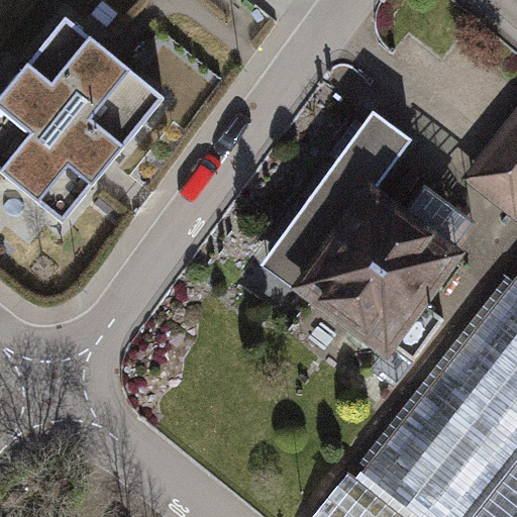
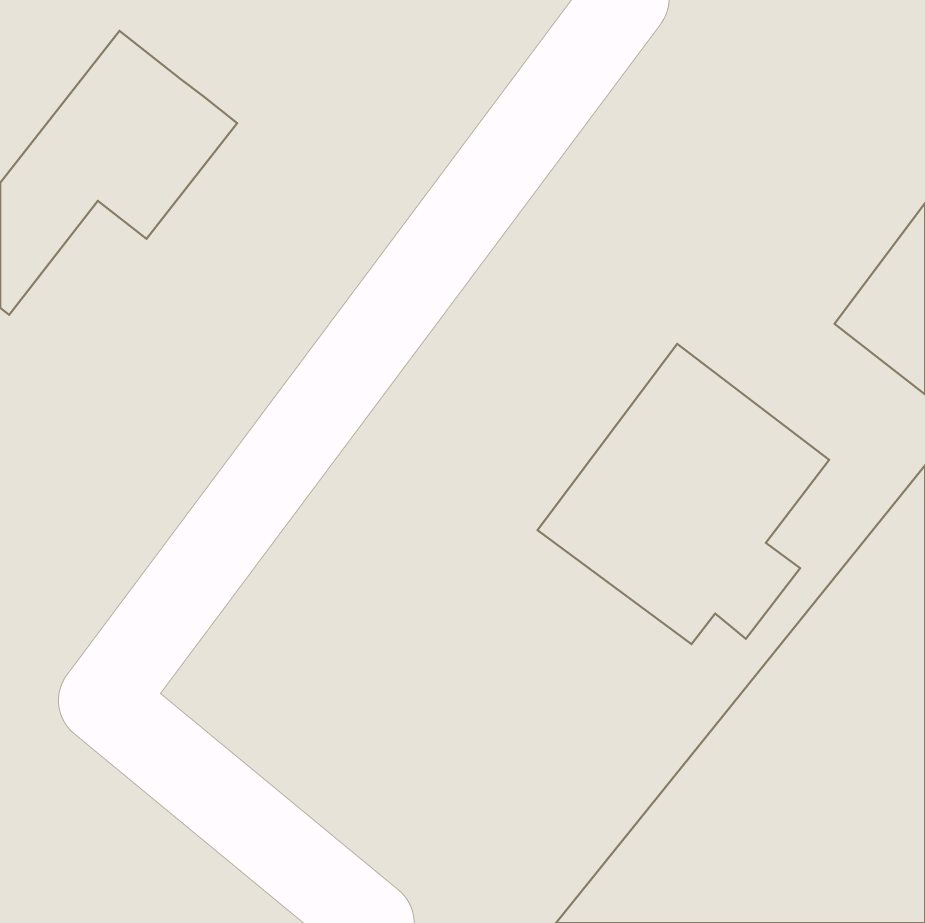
building: [5,69,170,226] -> none
building: [264,115,415,296] -> none

